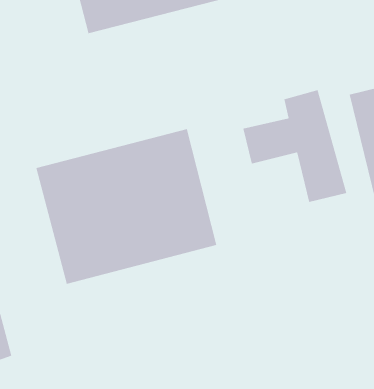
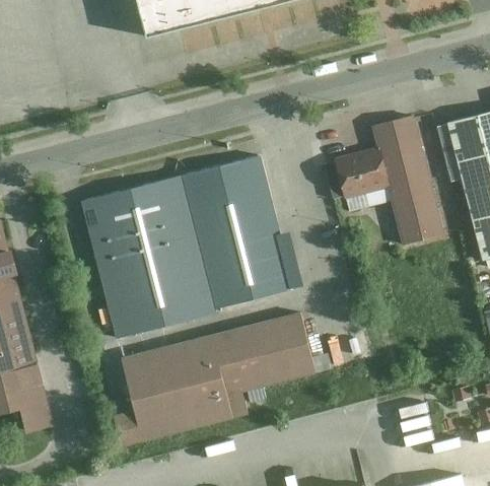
building: none -> [117,309,321,444]

